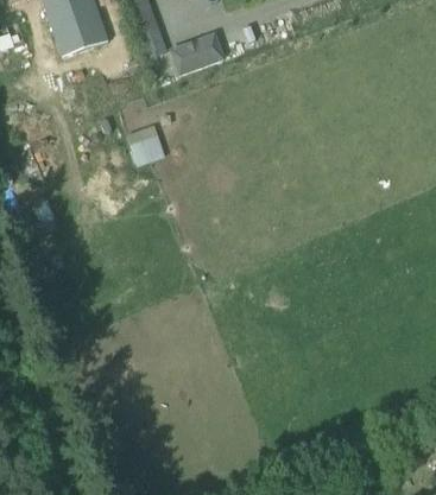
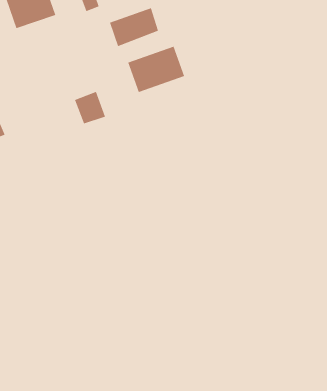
building: none -> [127,46,185,93]

